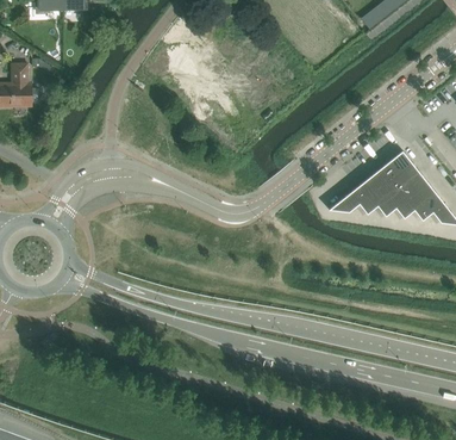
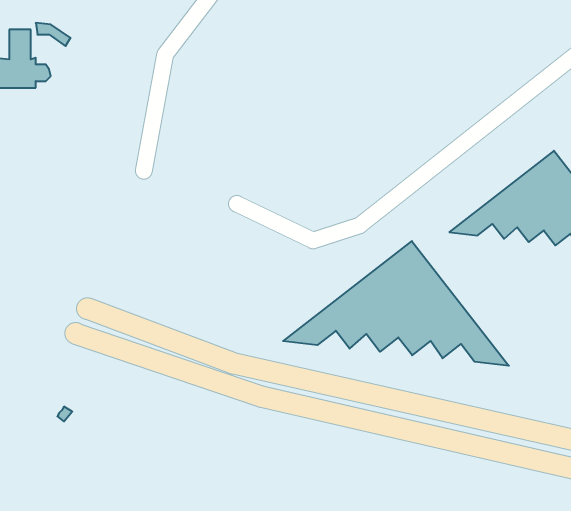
building: none -> [283,241,509,366]

